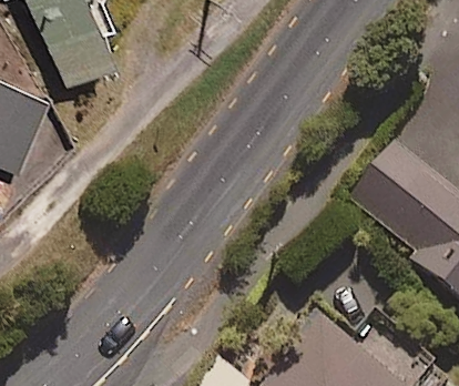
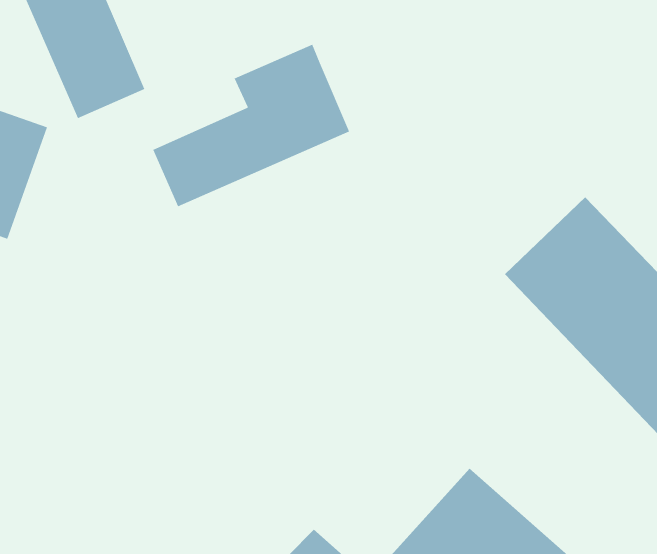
building: none -> [153,44,350,207]

